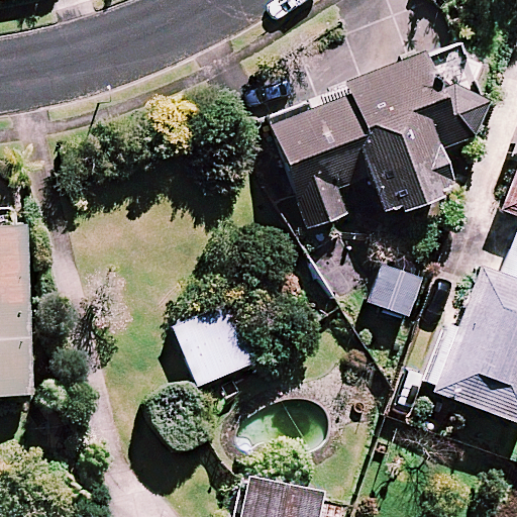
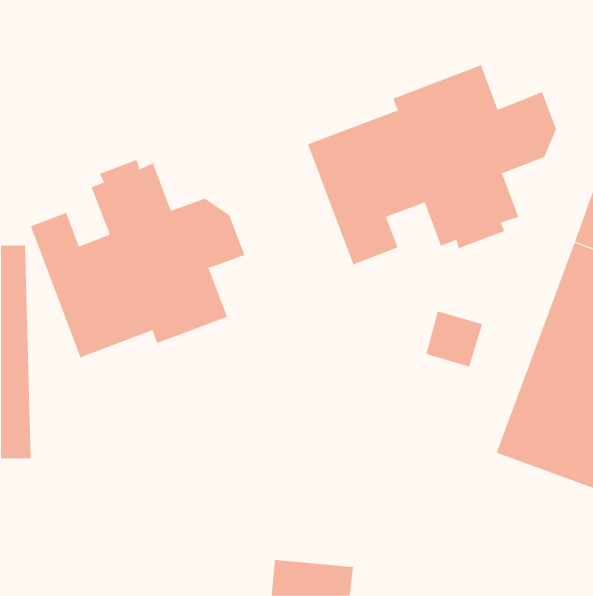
building: none -> [30,159,245,358]
building: [177,303,257,383] -> none

